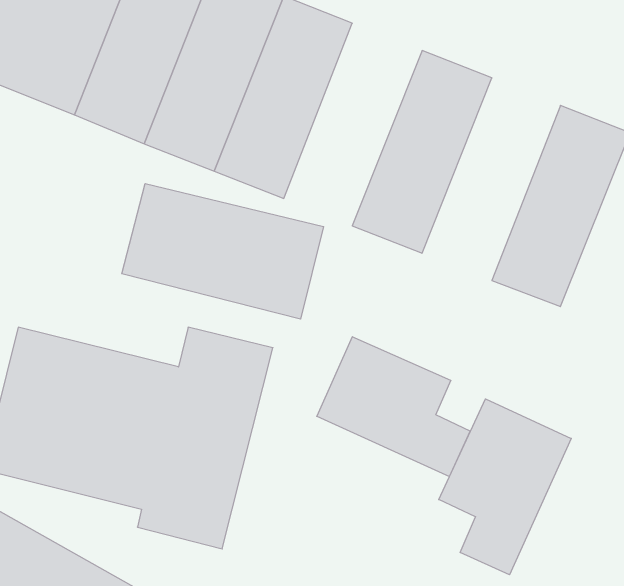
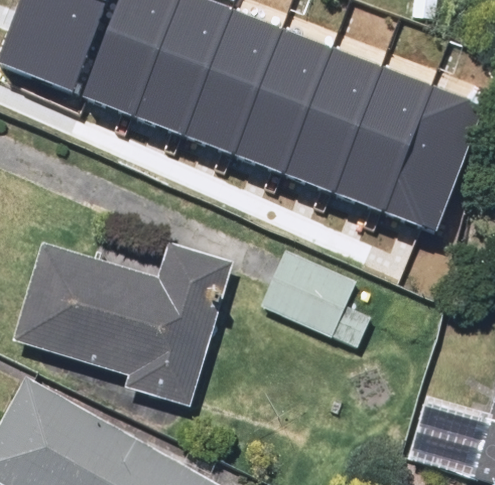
building: none -> [233,24,334,172]
building: none -> [334,64,435,212]
building: [122,184,324,319] -> none
building: [439,399,571,575] -> none

